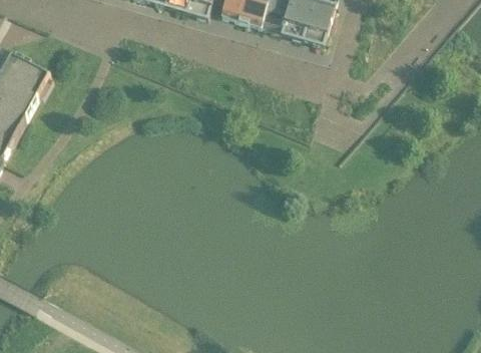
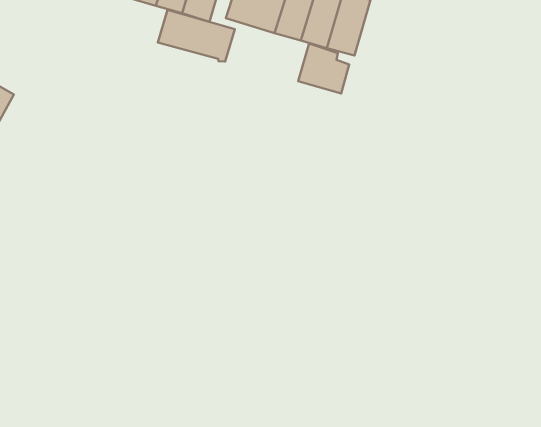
building: none -> [158,10,235,62]
building: none -> [298,43,349,93]

